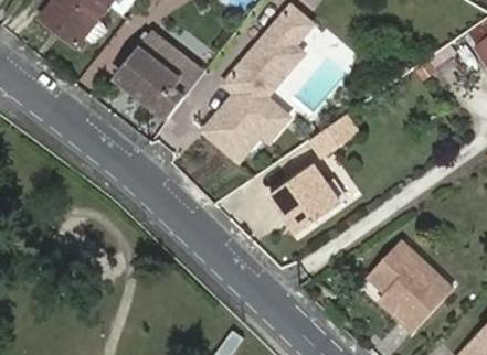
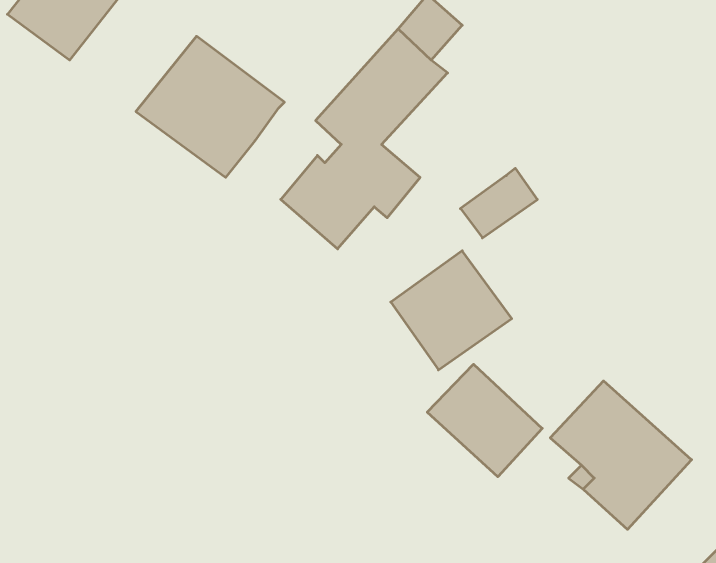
building: none -> [427,364,542,477]

